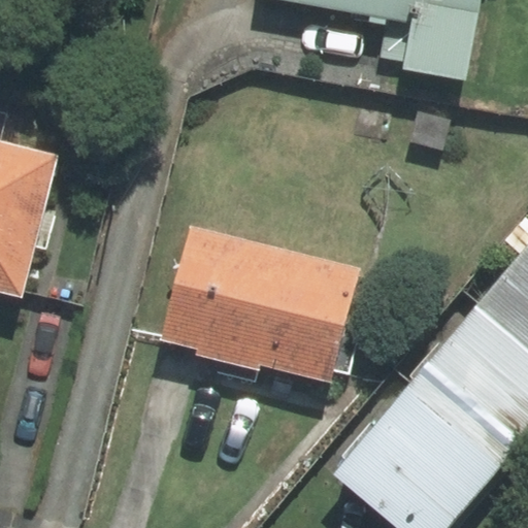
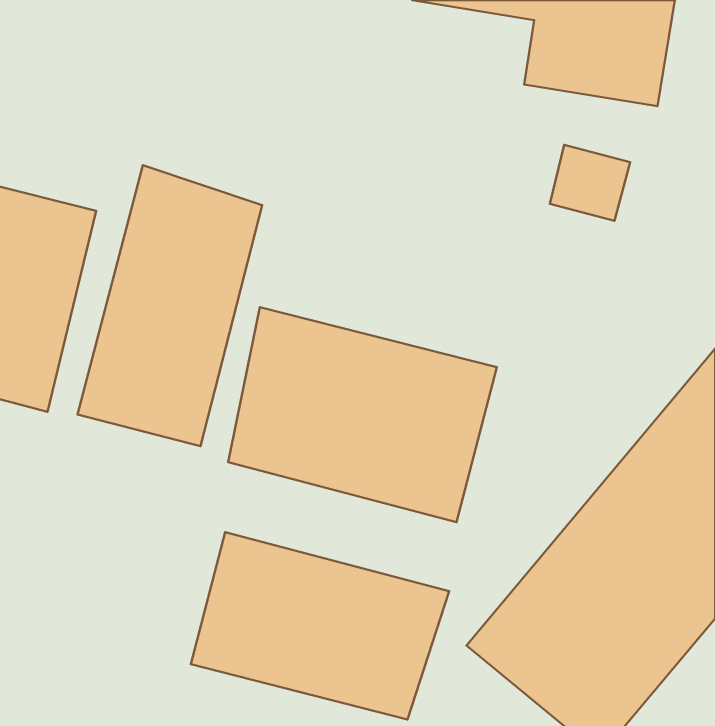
building: none -> [77,165,262,446]
building: none -> [191,532,449,719]

